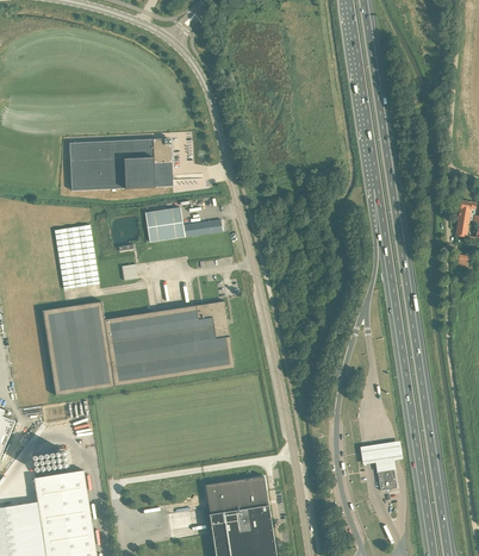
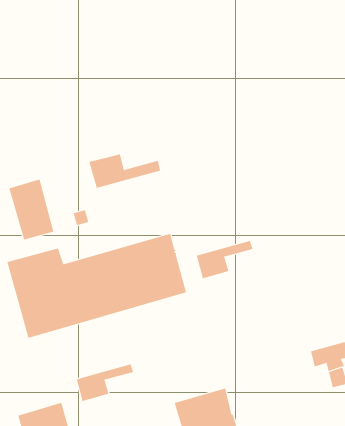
building: [68,138,172,190] -> none
building: none -> [196,240,253,279]
building: none -> [76,363,134,402]

